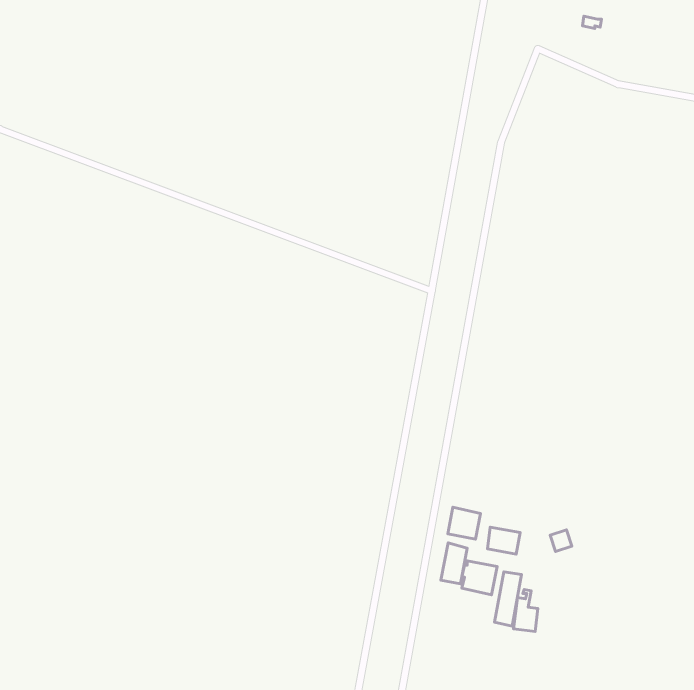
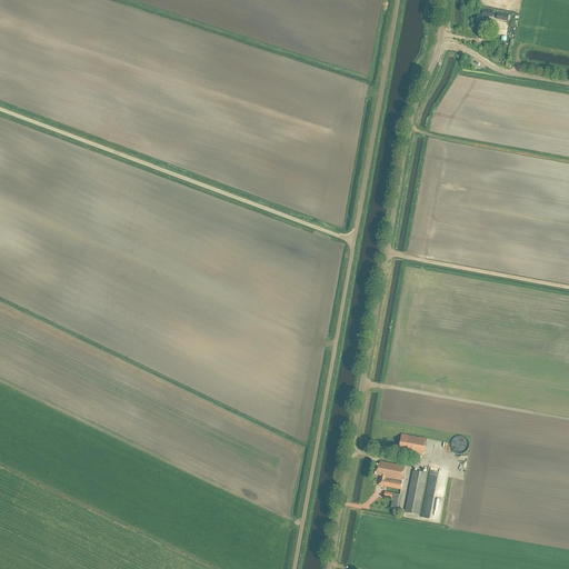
building: [448,507,480,539] -> none
building: [441,543,467,584] -> none

